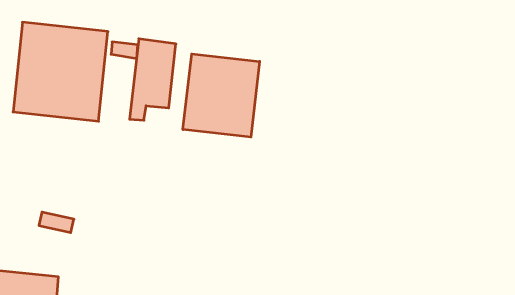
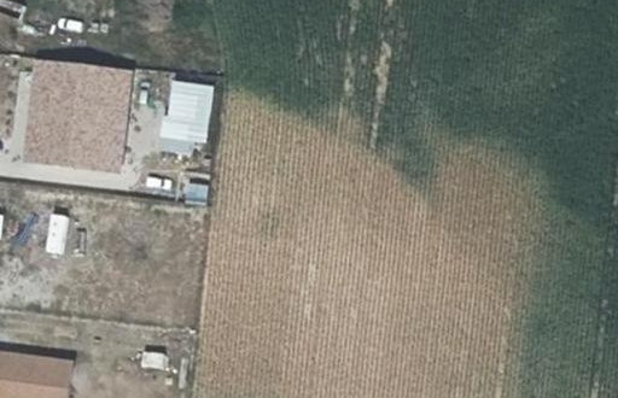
building: [183,54,260,137] -> none

